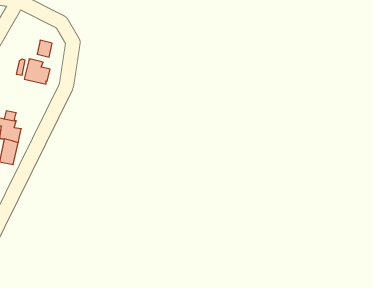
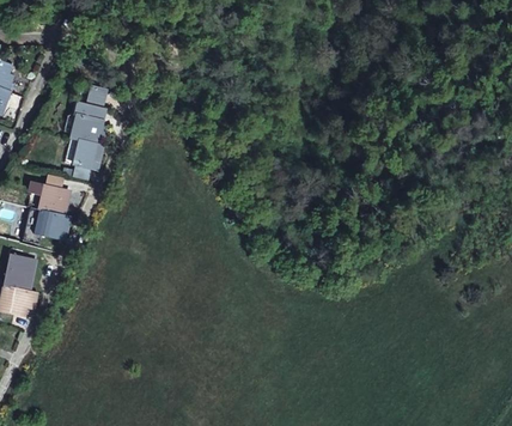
building: none -> [66,136,104,169]

